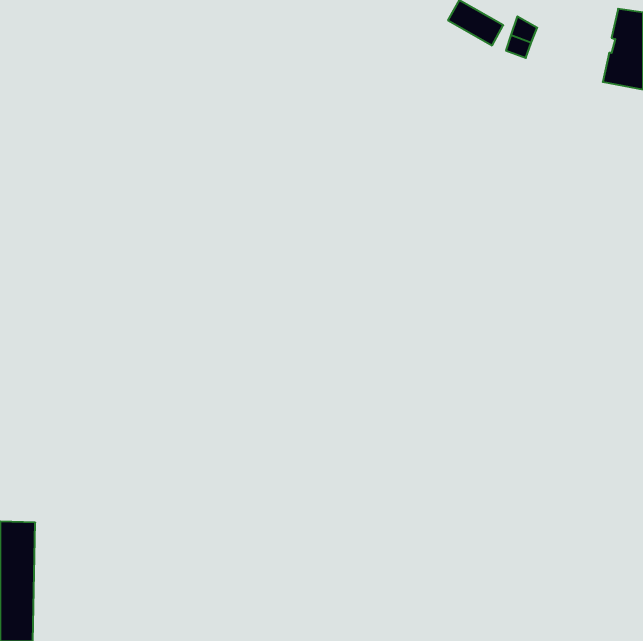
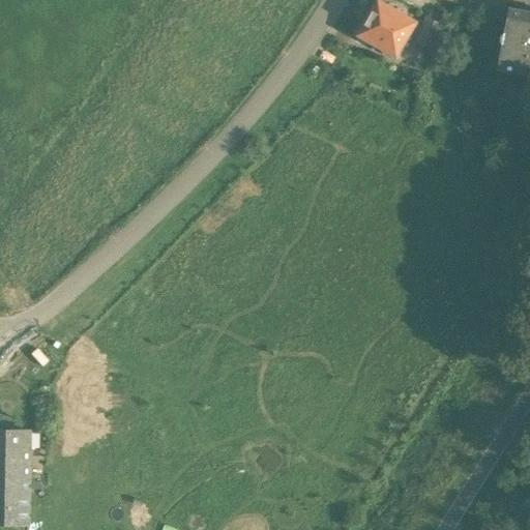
building: none -> [359,17,405,54]

